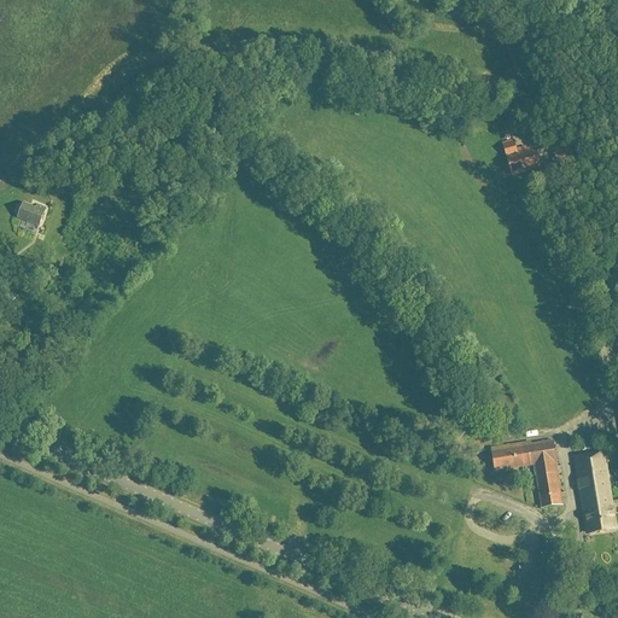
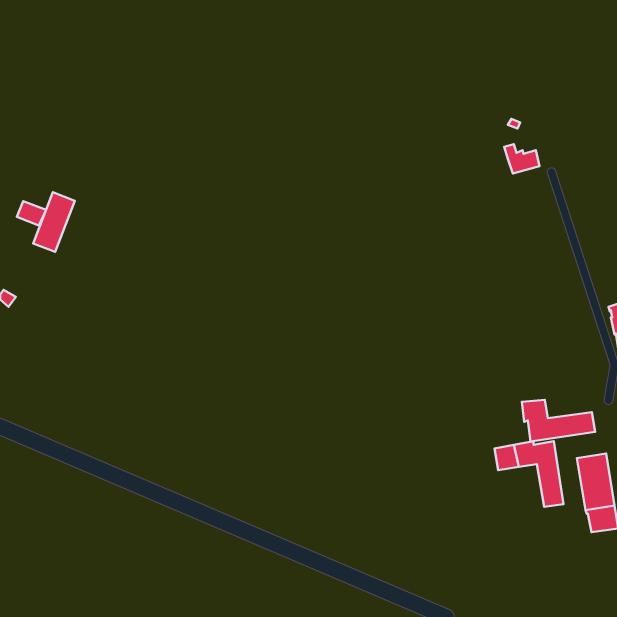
building: none -> [33,192,75,252]
building: none -> [522,400,595,442]

